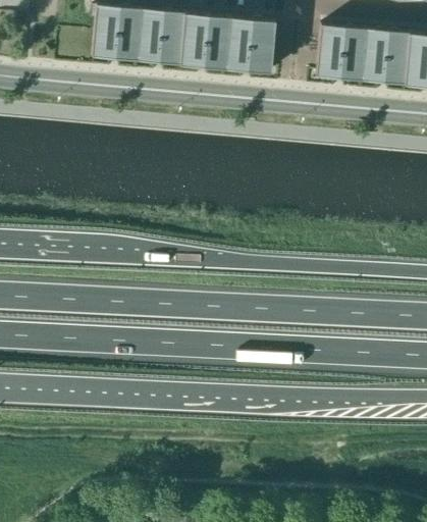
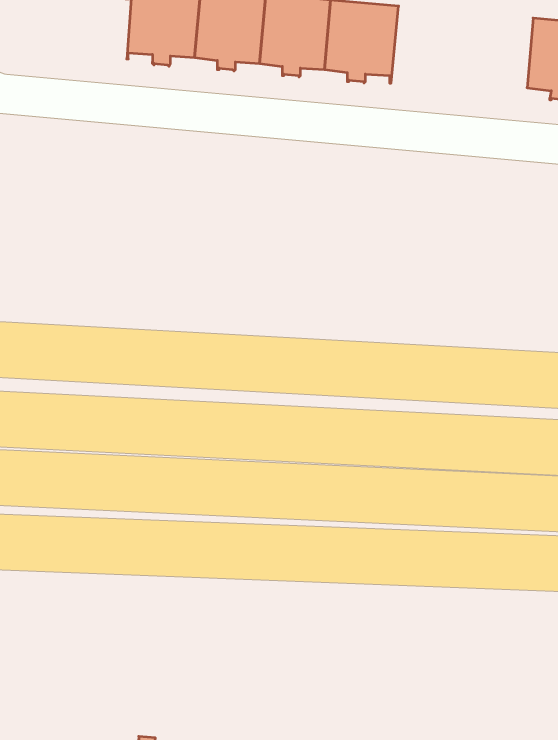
building: [318,27,368,83] -> none

